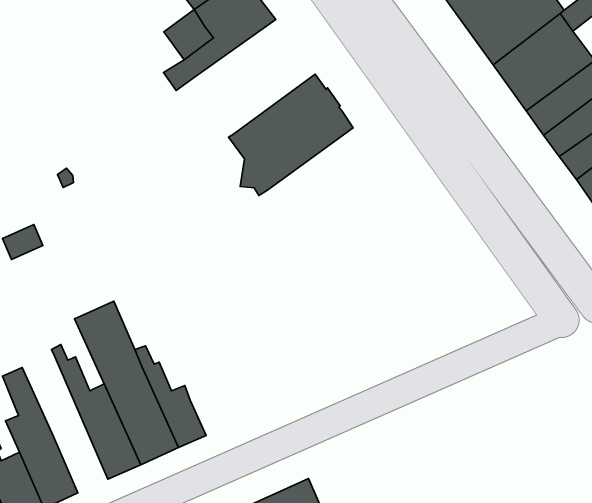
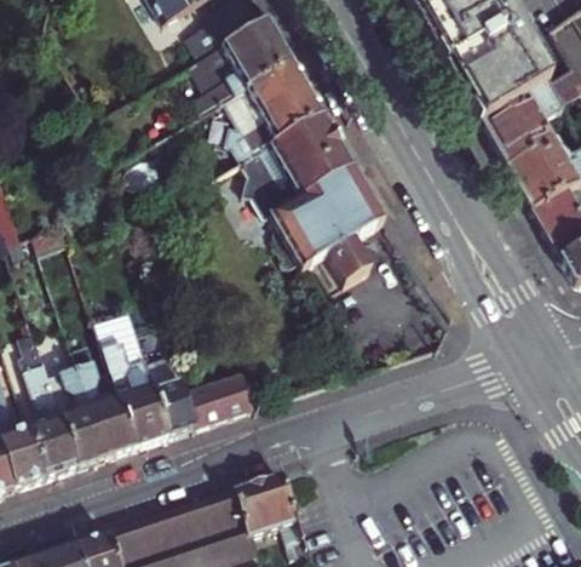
building: none -> [218,63,324,164]
building: none -> [271,166,386,286]
building: none -> [52,344,105,466]
building: none -> [185,376,255,426]

